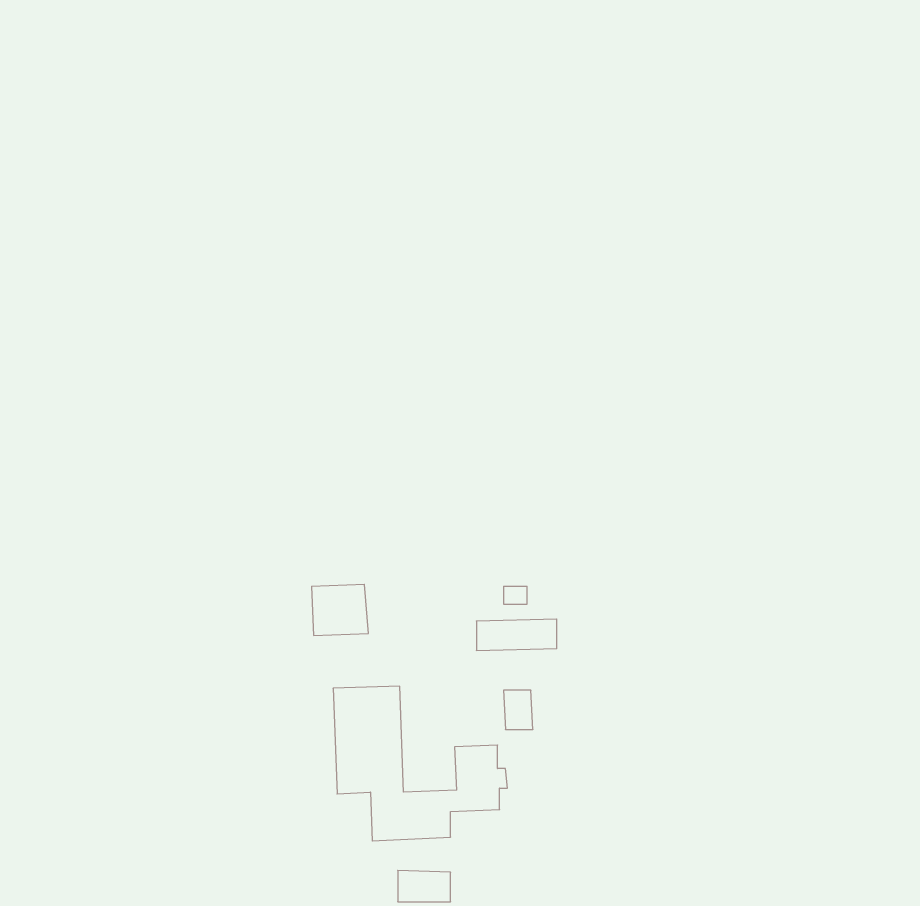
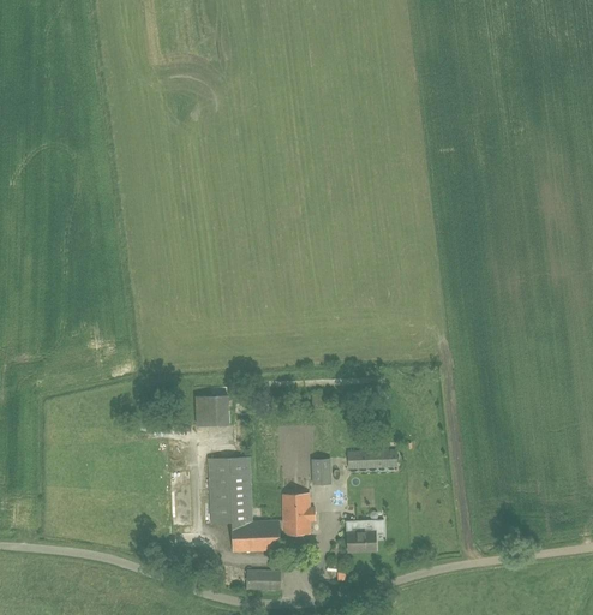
building: [476,619,557,650] -> [348,449,397,468]
building: none -> [346,519,384,550]

